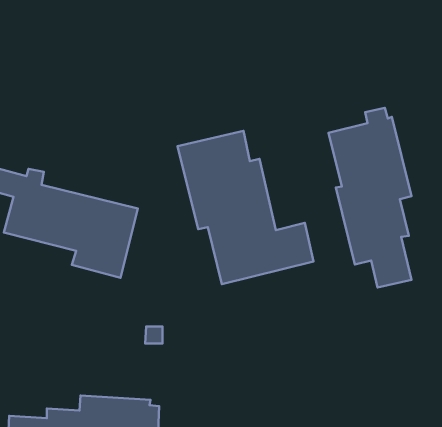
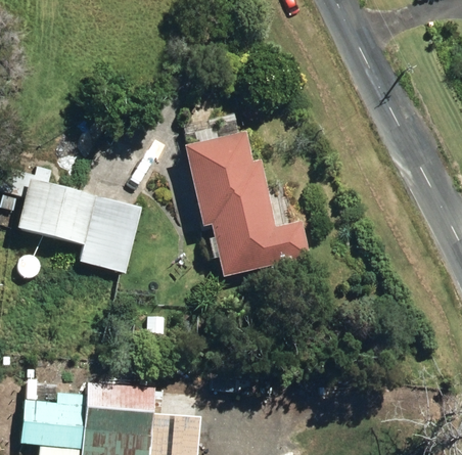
building: [328,108,412,288] -> none

